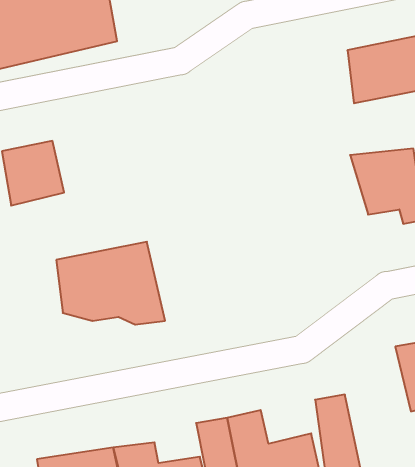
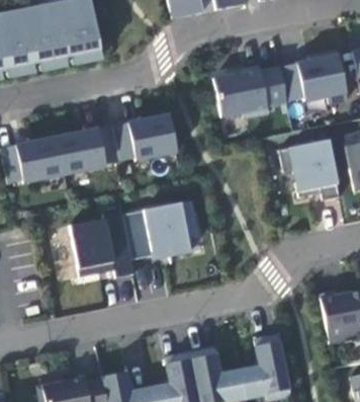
building: none -> [209,64,286,118]
building: none -> [122,112,177,161]
building: none -> [51,125,118,175]
building: none -> [138,199,201,260]

